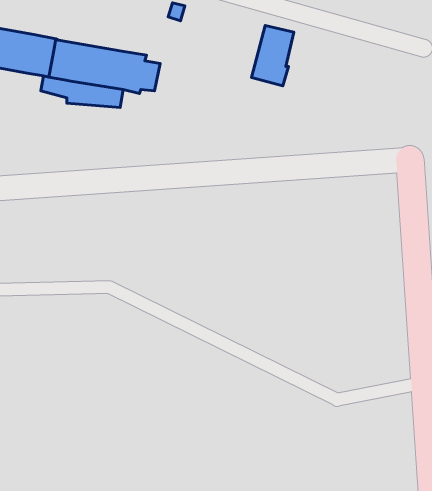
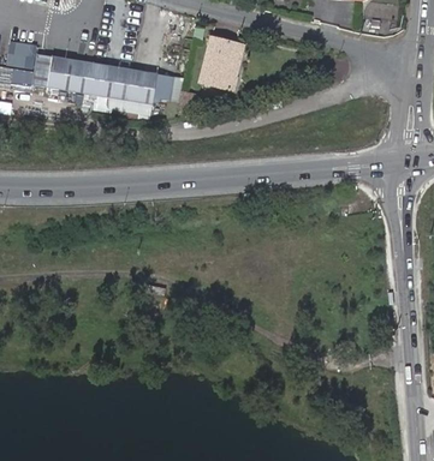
building: [251,25,294,86] -> [200,37,237,90]

